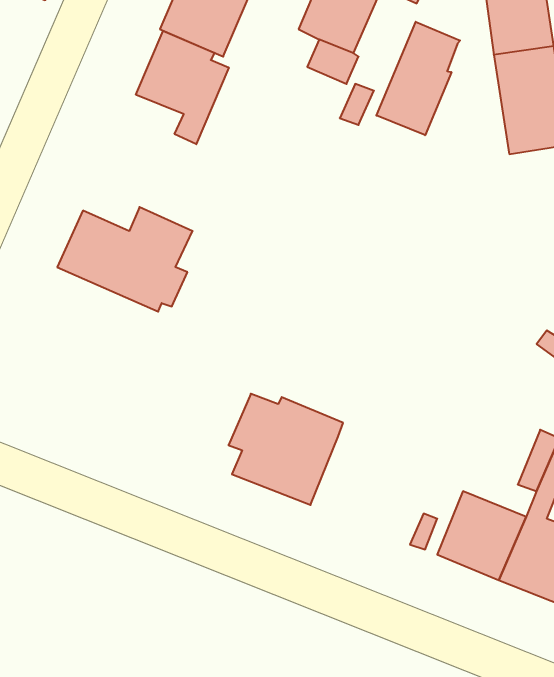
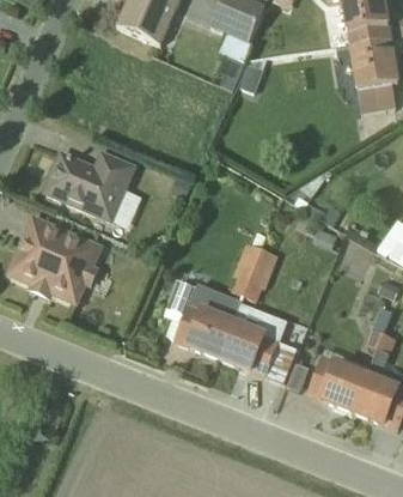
building: [376,22,460,135] -> none
building: [136,31,229,144] -> none
building: none -> [10,218,103,303]
building: none -> [230,241,279,303]
building: none -> [220,310,298,383]

